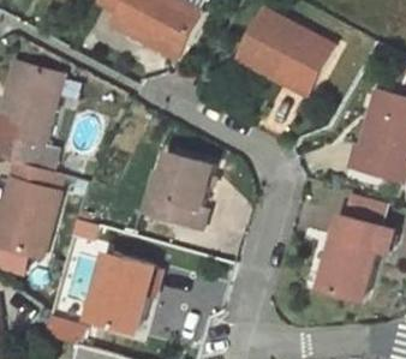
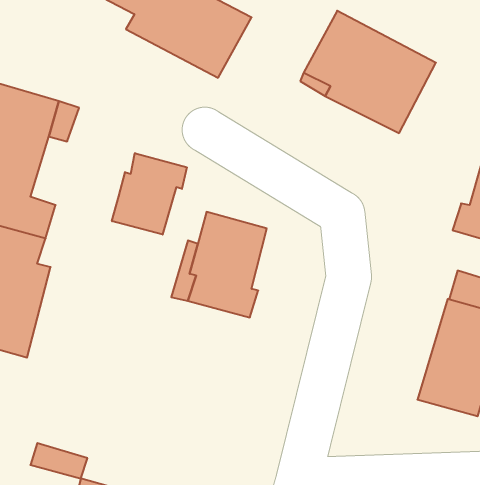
building: none -> [112,153,187,235]
building: [88,252,154,331] -> none

